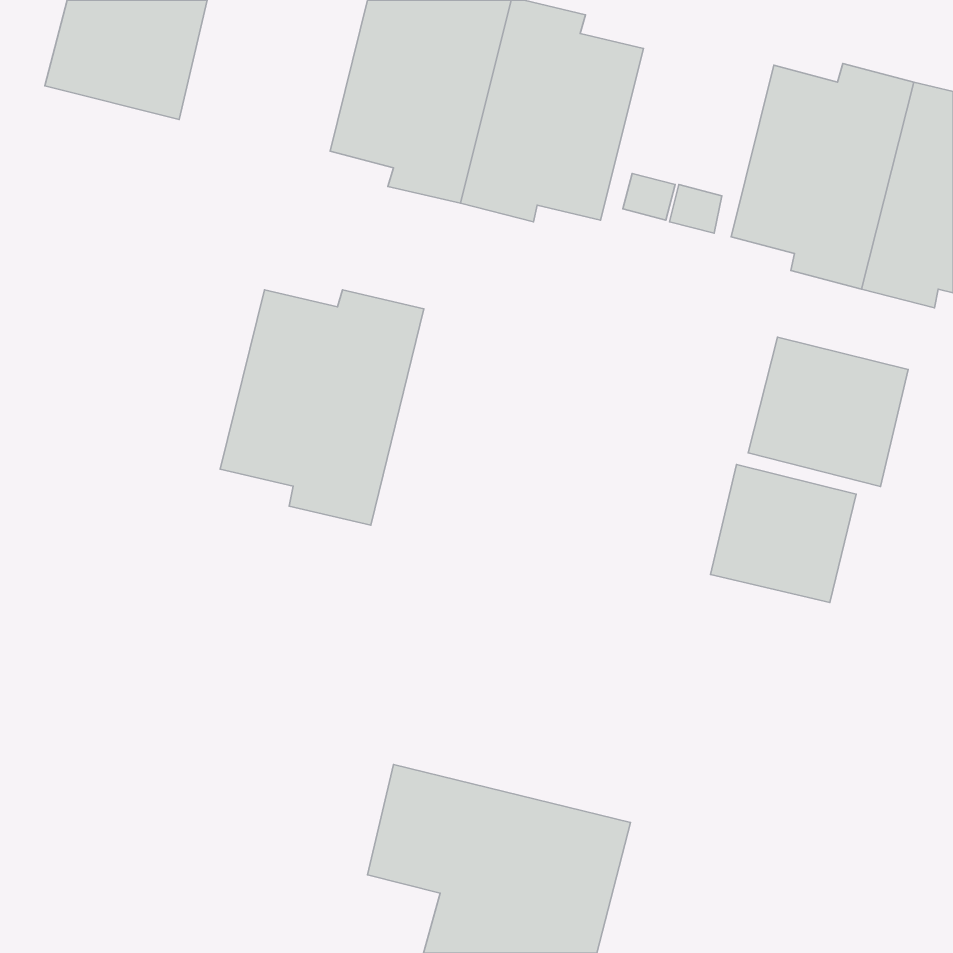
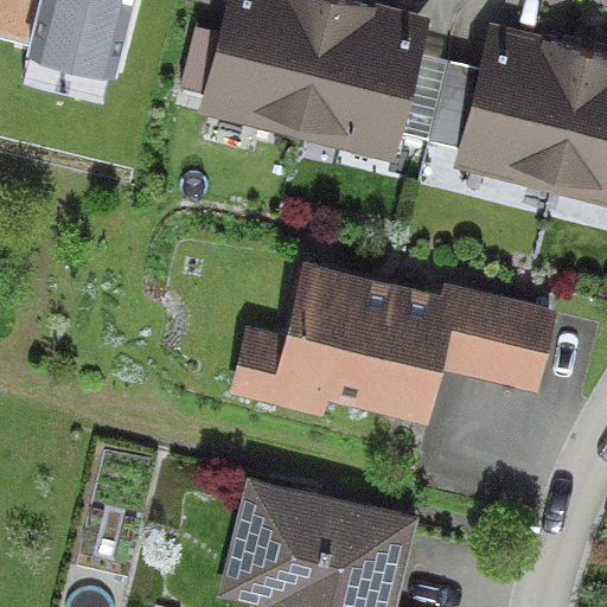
building: [220,290,424,525] -> none
building: [748,337,908,486] -> none
building: none -> [277,270,443,409]

